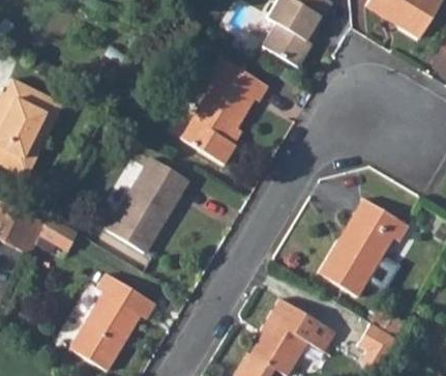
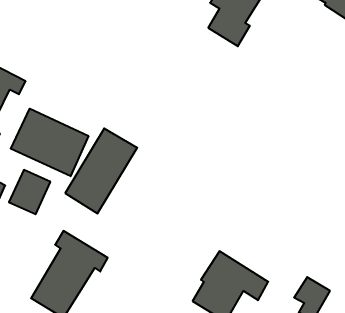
building: [180,58,267,163] -> none
building: none -> [11,109,88,176]
building: [318,194,408,292] -> none

